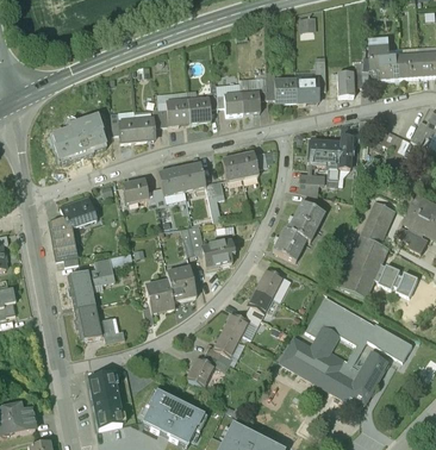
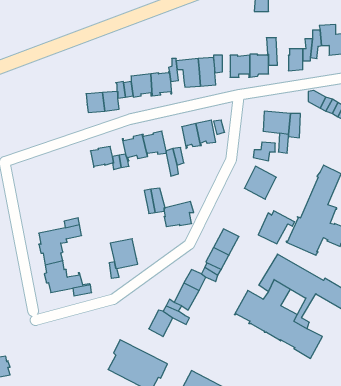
building: [51,113,108,160] -> none
building: [50,196,95,258] -> none
building: [273,224,312,260] -> [258,211,295,244]
building: [166,264,195,300] -> none
building: [357,350,388,385] -> none
building: [89,371,123,427] -> none

